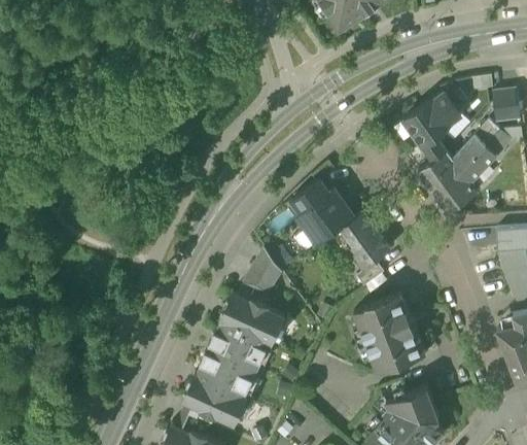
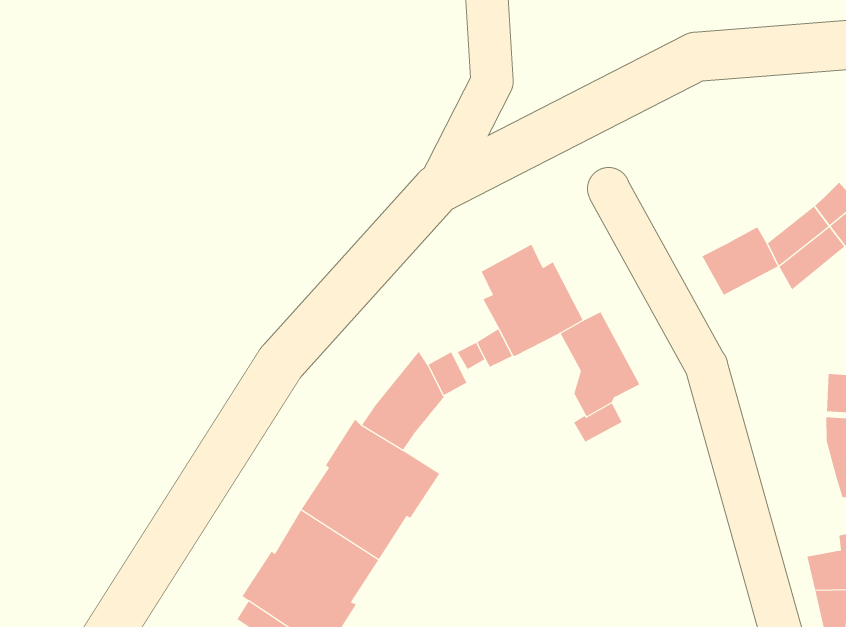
building: [403,92,466,161] -> none
building: [431,173,476,214] -> none
building: [354,294,426,374] -> none

